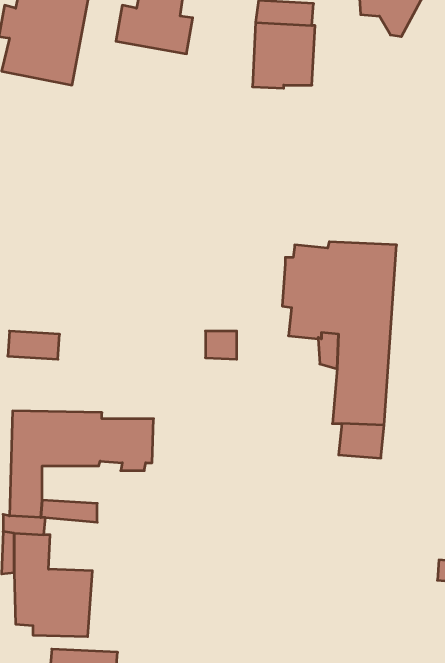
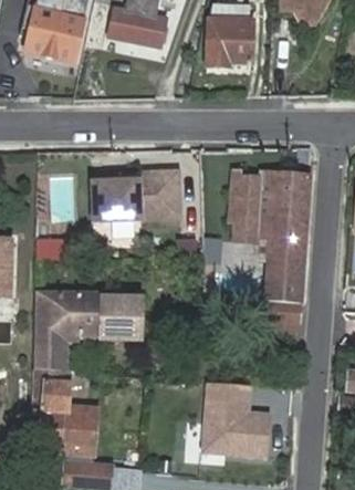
building: none -> [91,174,178,225]
building: none -> [201,380,271,457]

